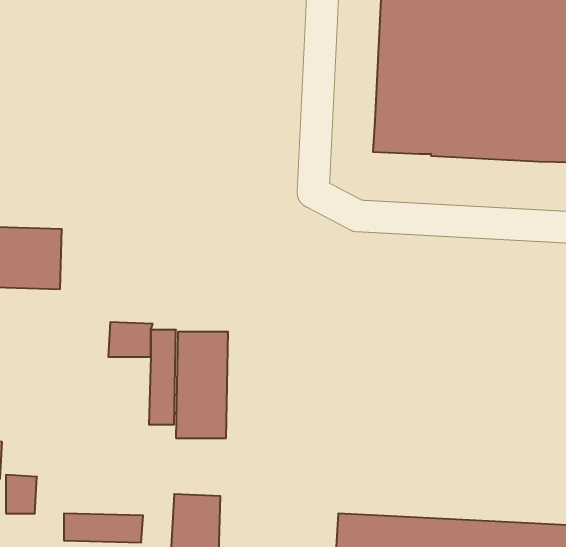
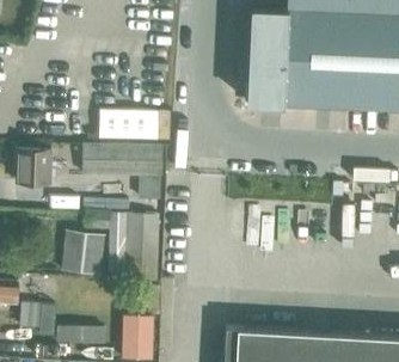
building: none -> [99,110,158,140]
building: none -> [81,145,161,177]
building: none -> [61,232,105,276]

